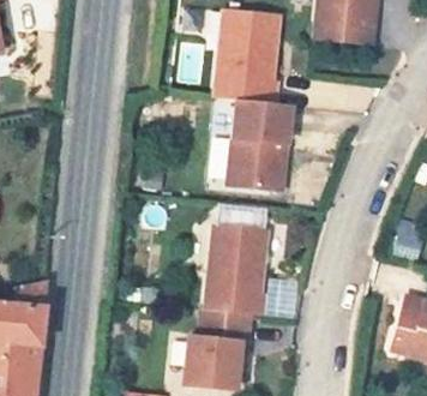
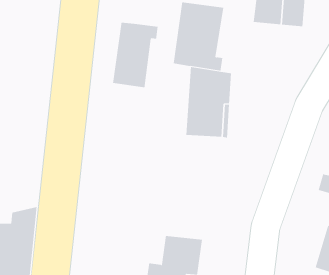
building: none -> [113,22,158,88]
building: [206,227,270,314] -> none

